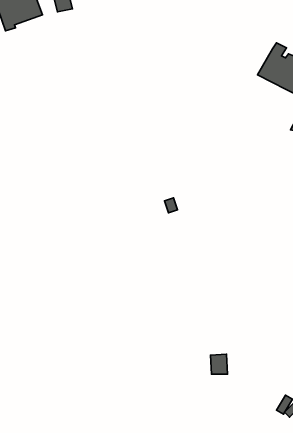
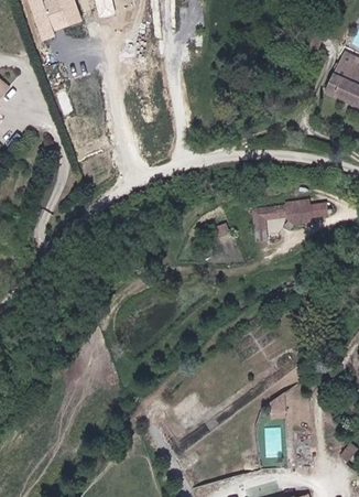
building: none -> [252,199,326,240]

